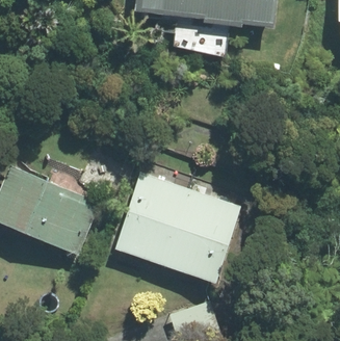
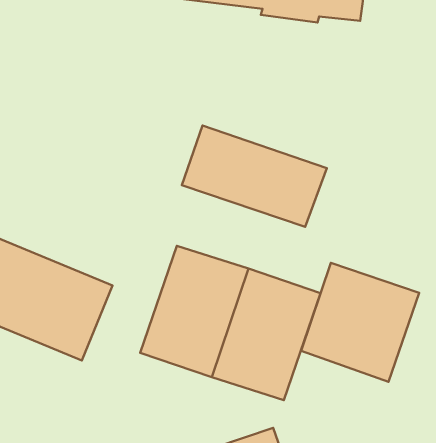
building: none -> [182,125,327,227]
building: none -> [301,263,419,382]

